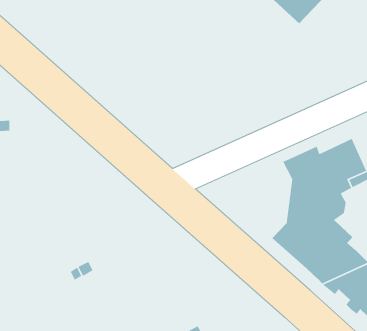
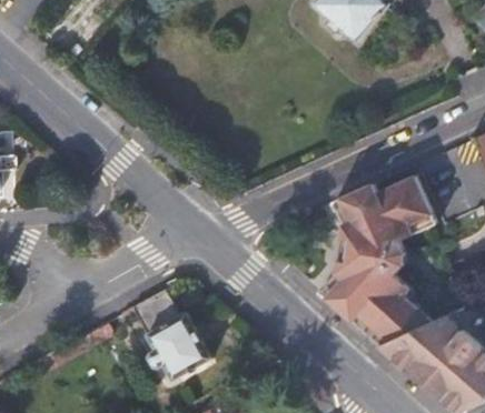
building: none -> [132,288,211,380]

